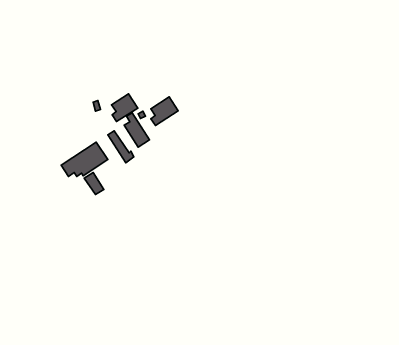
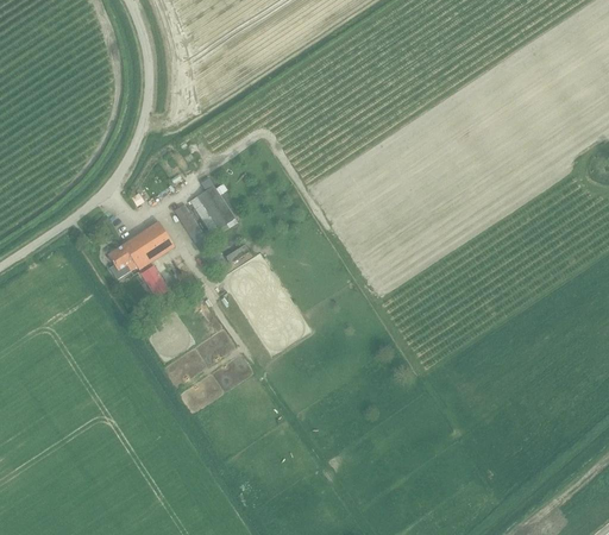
building: [112,94,138,122] -> none
building: [151,97,178,125] -> none

